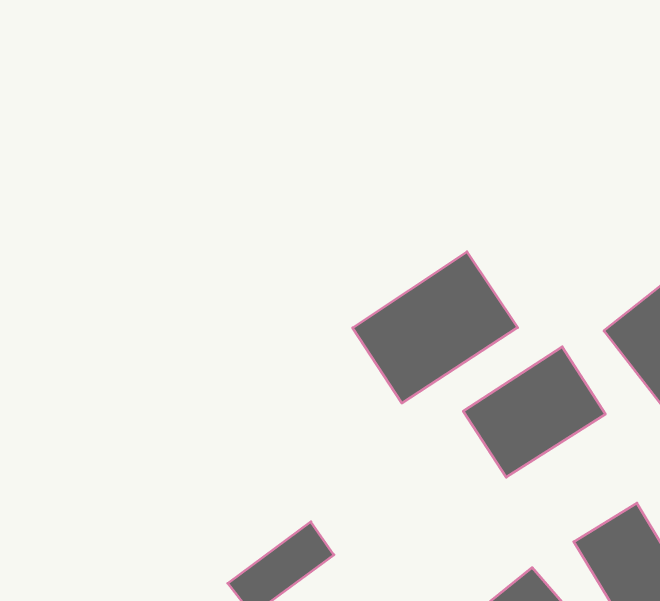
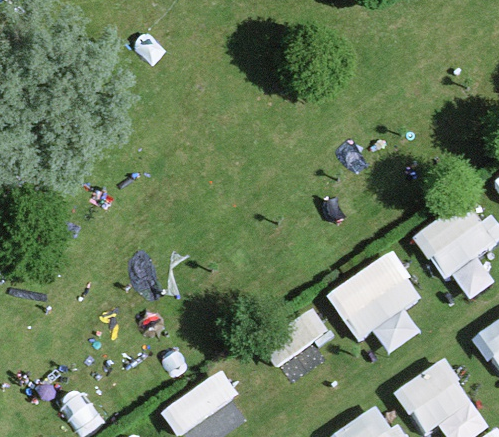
building: [353,252,518,403] -> none

